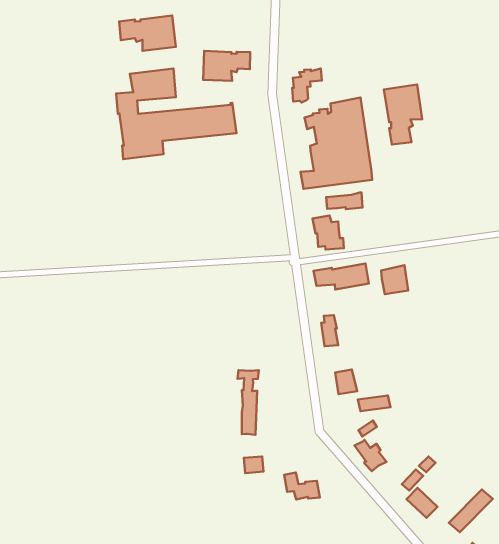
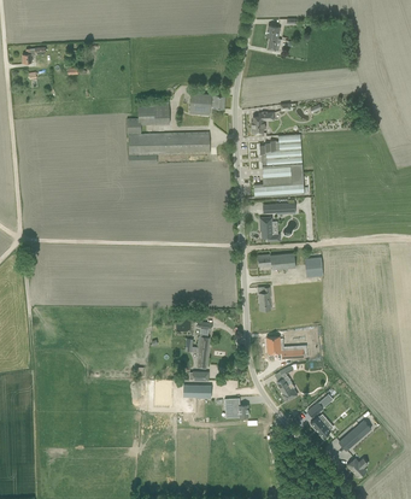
building: [119,15,176,51] -> none
building: [384,84,422,145] -> none

